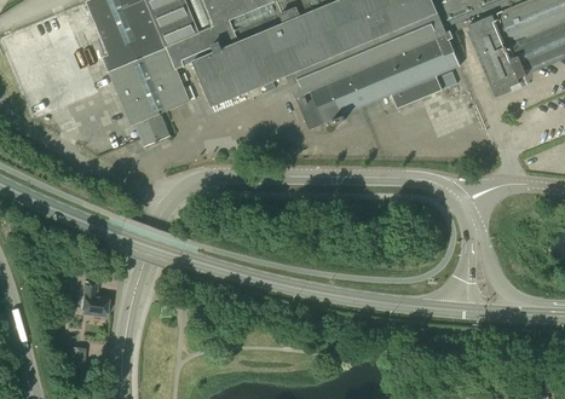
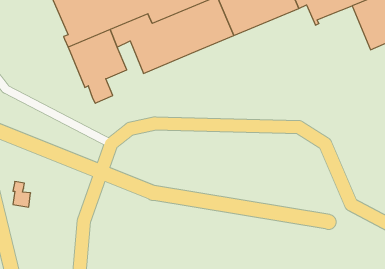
building: [287,12,460,129] -> none
building: [469,13,525,87] -> none
building: [82,282,106,317] -> [13,182,31,207]

